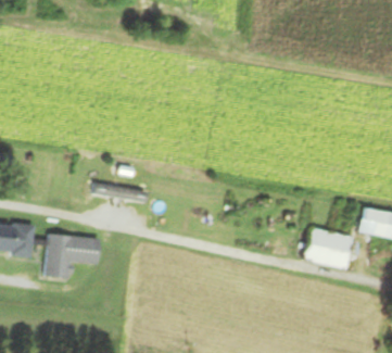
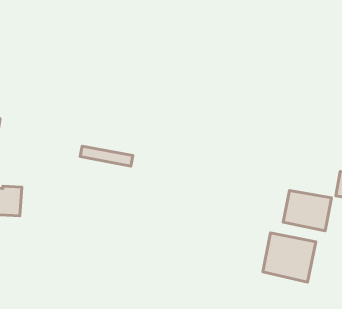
building: [46,234,100,278] -> none
building: none -> [263,233,316,282]

